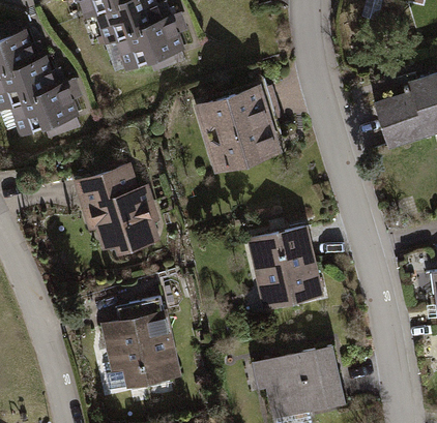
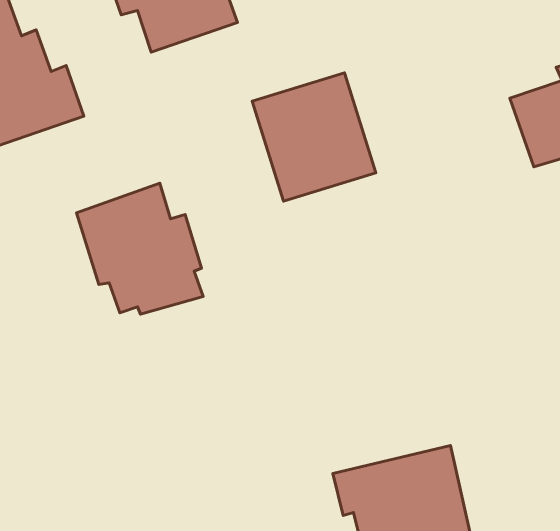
building: [246,225,325,309] -> none
building: [100,298,182,387] -> none

